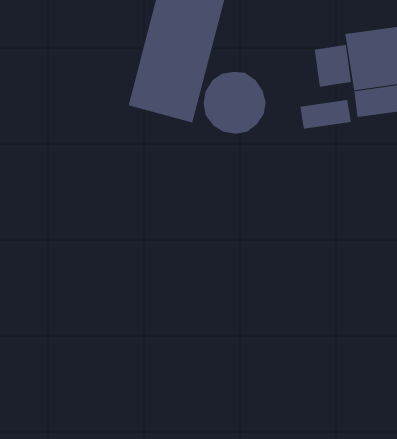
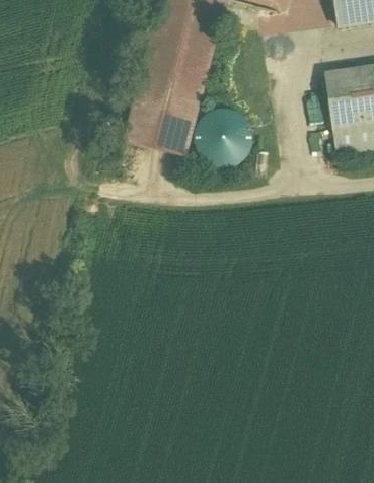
building: [314,44,352,87] -> none
building: [300,99,351,129] -> none

